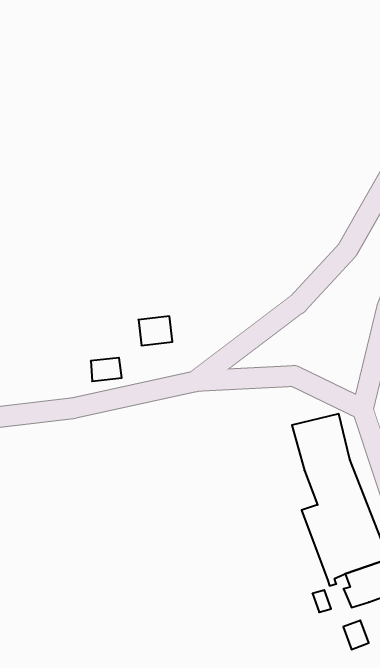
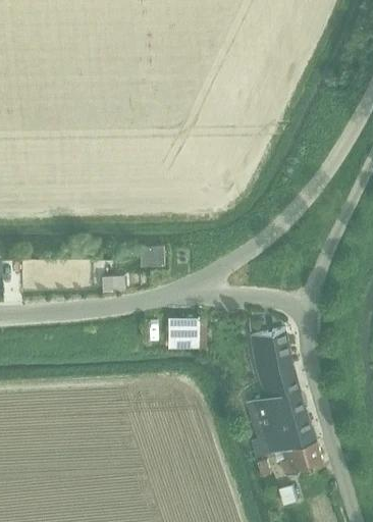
building: none -> [168,316,198,347]

